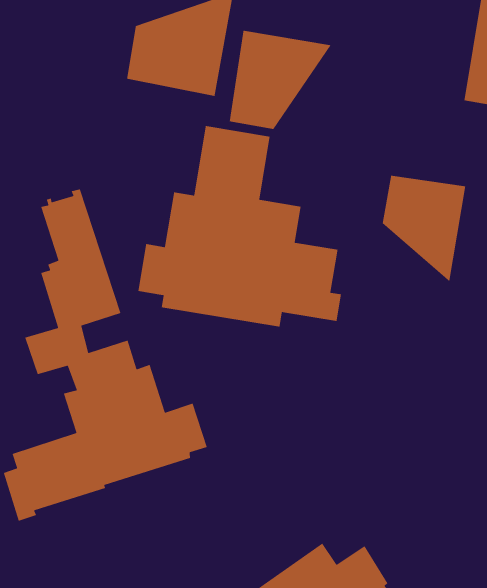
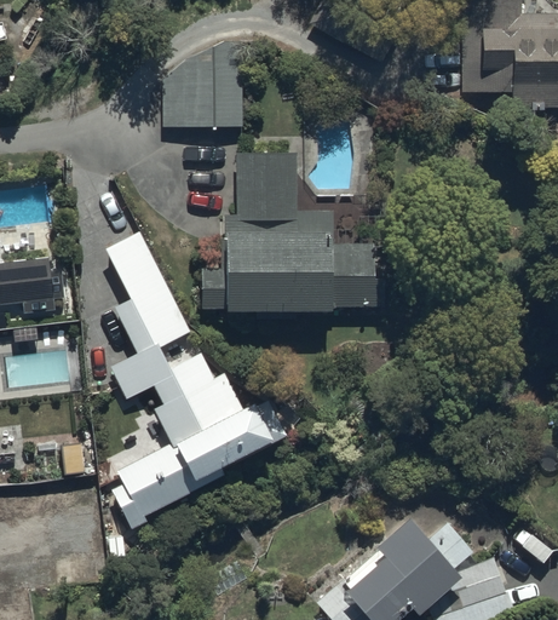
building: [229,30,332,130] -> none
building: [382,175,466,282] -> none

